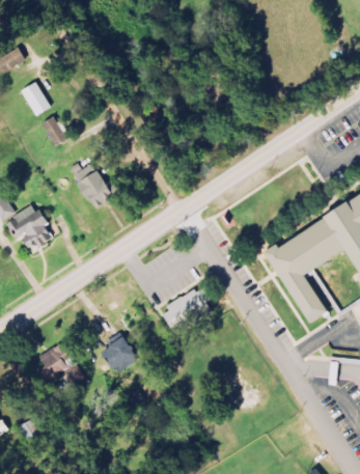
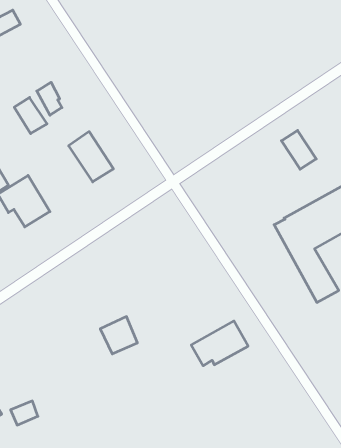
building: [20,82,51,116] -> [14,97,47,134]
building: none -> [281,130,316,169]
building: [160,287,214,330] -> [191,321,248,366]
building: [38,342,83,387] -> none

